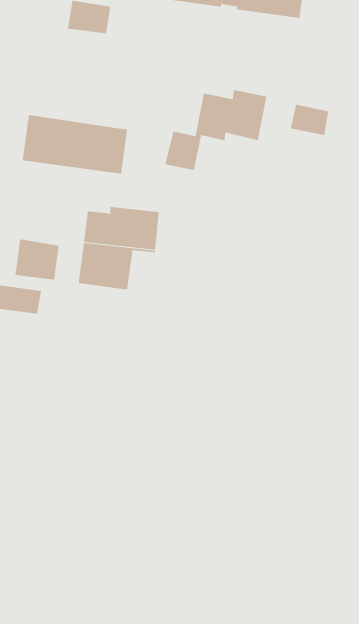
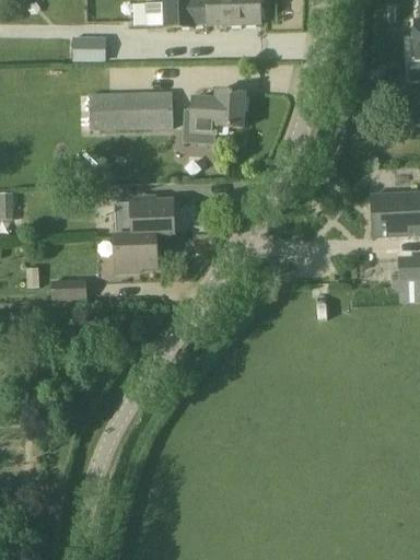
building: [290,104,329,136] -> none
building: [22,115,128,174] -> [89,91,173,130]
building: [15,238,59,281] -> none

